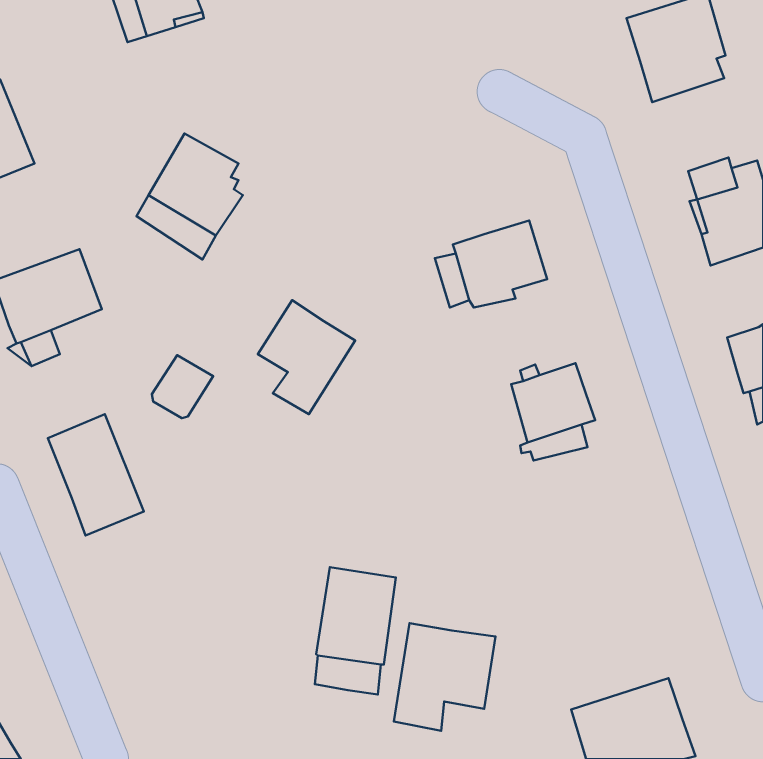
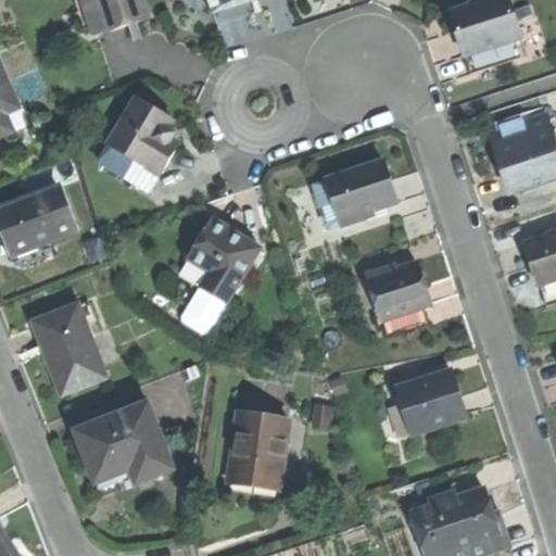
building: [152,355,213,418] -> [179,285,224,330]
building: none -> [395,369,464,432]
building: none -> [75,399,170,490]
building: [394,623,495,731] -> none

